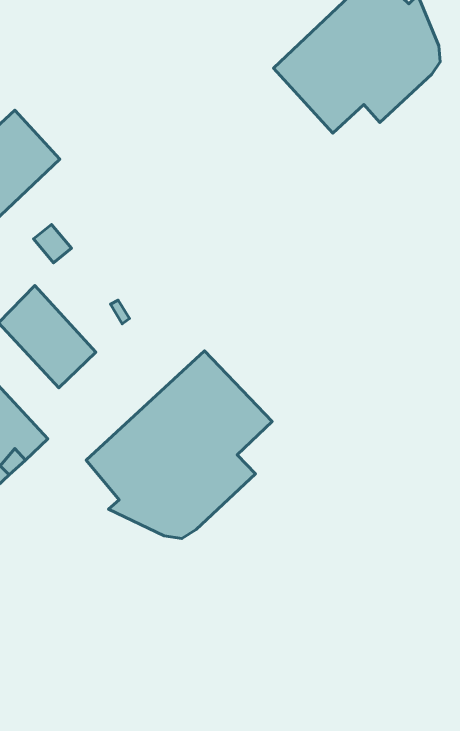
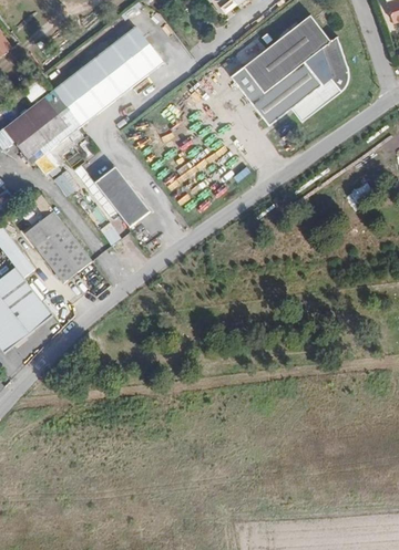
building: none -> [51,24,161,124]
building: none -> [101,172,155,231]
building: [86,351,272,538] -> none

